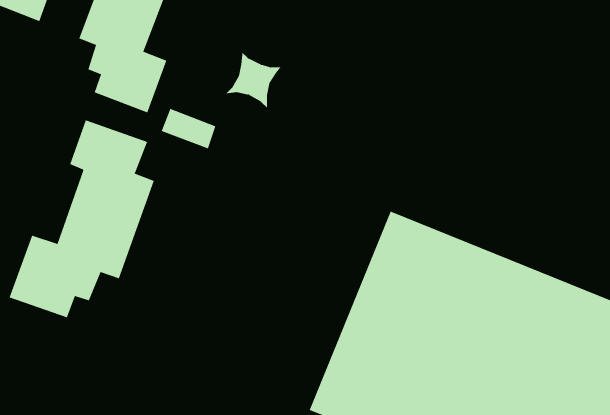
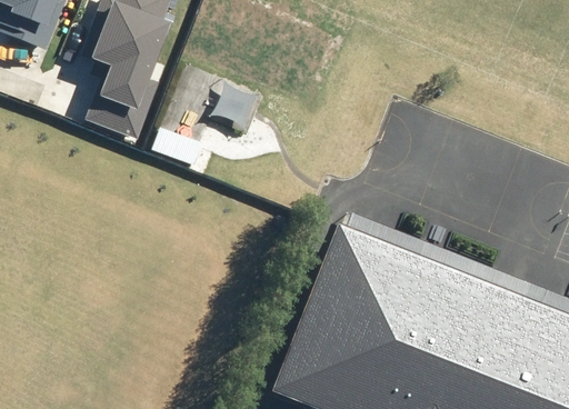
building: [9,120,154,318] -> none

